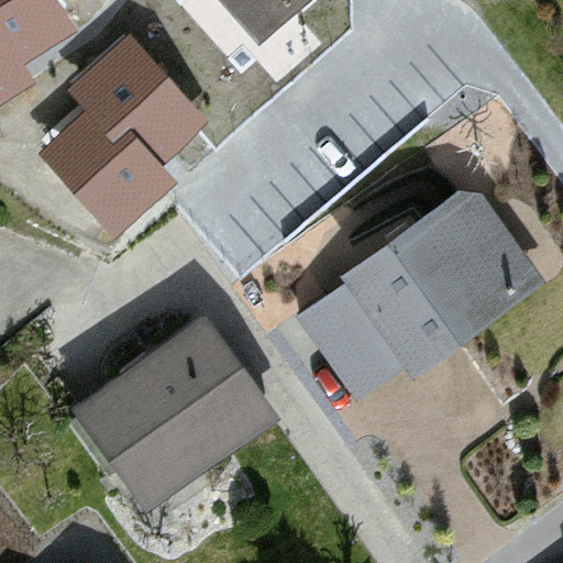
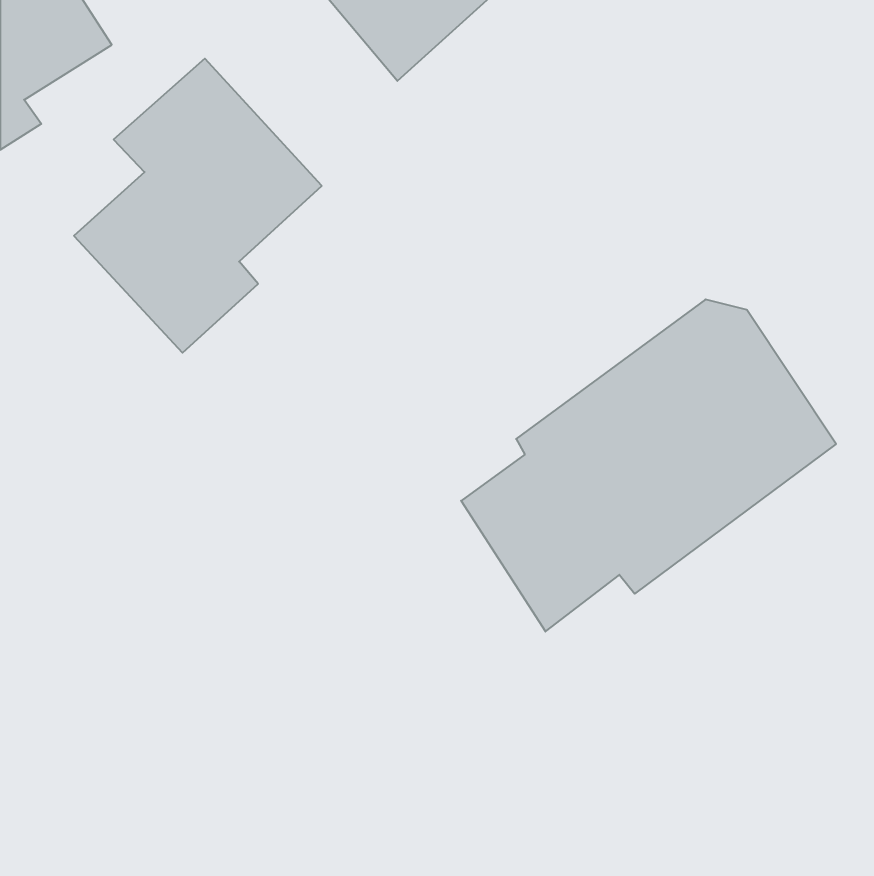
building: [66,314,277,514] -> none

